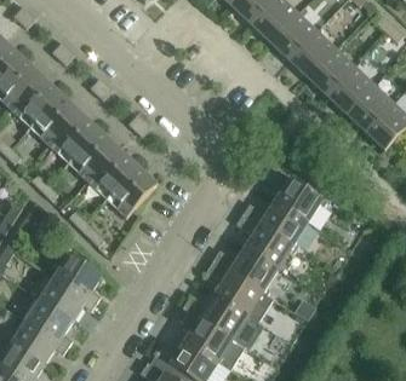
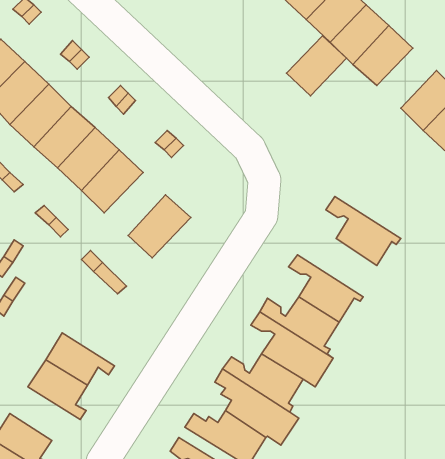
building: [308,47,356,96] -> [287,36,346,96]
building: [87,148,137,198] -> none
building: [244,201,308,248] -> none
building: [53,253,102,304] -> none
building: [11,321,68,364] -> none

